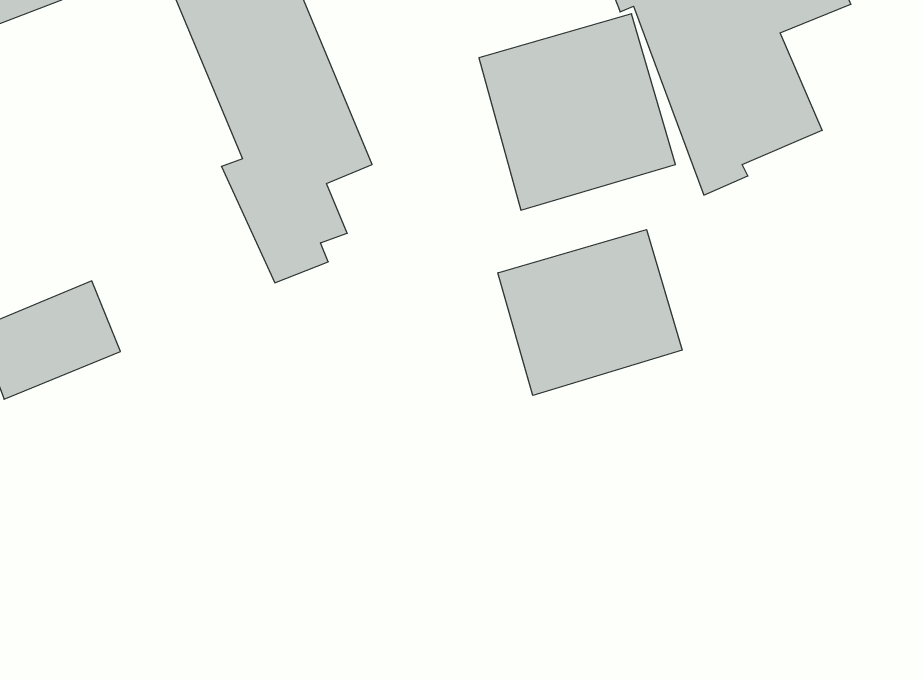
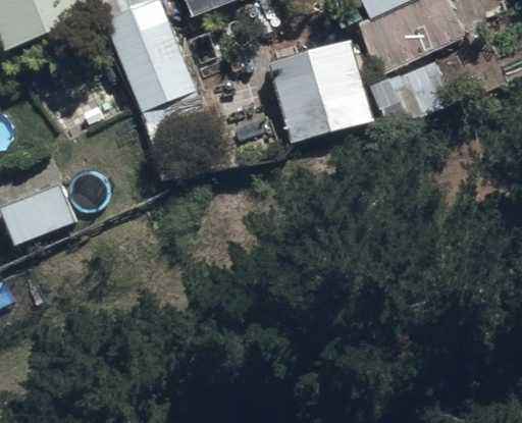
building: [498,230,682,395] -> none

